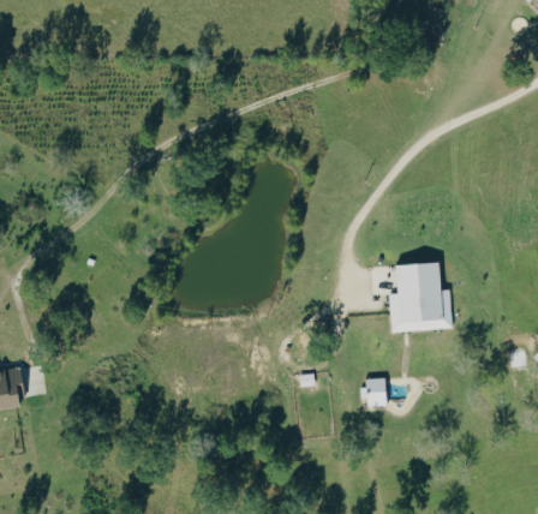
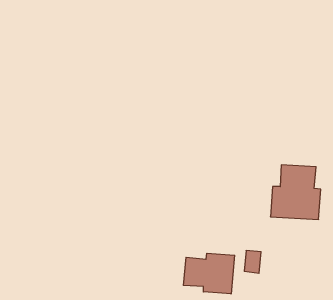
building: none -> [183,253,235,294]

